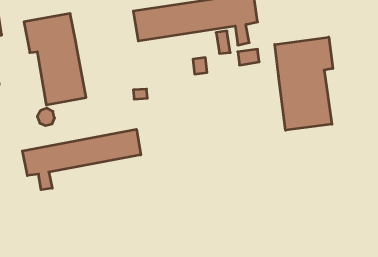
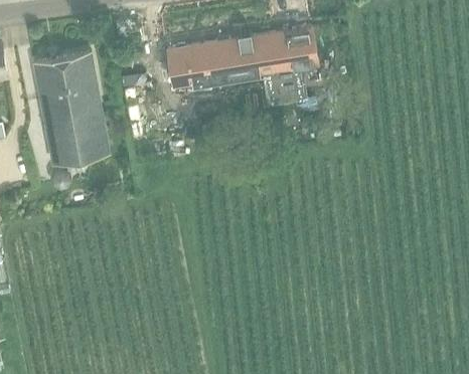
building: [275,37,333,130] -> none
building: [22,129,141,190] -> none

